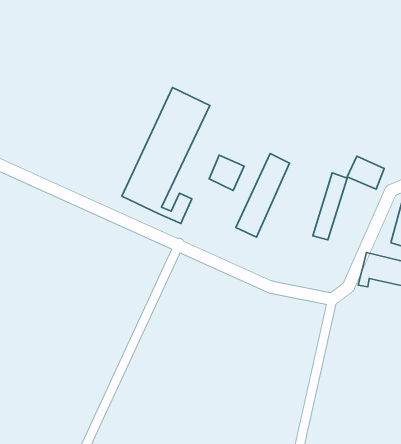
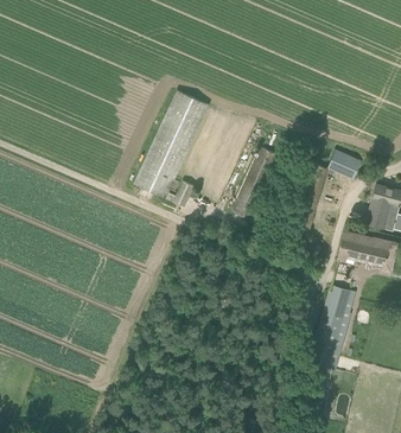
building: [209,155,244,190] -> none
building: none -> [316,292,349,367]

